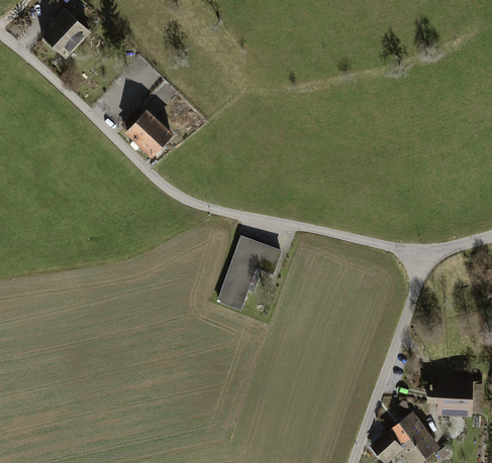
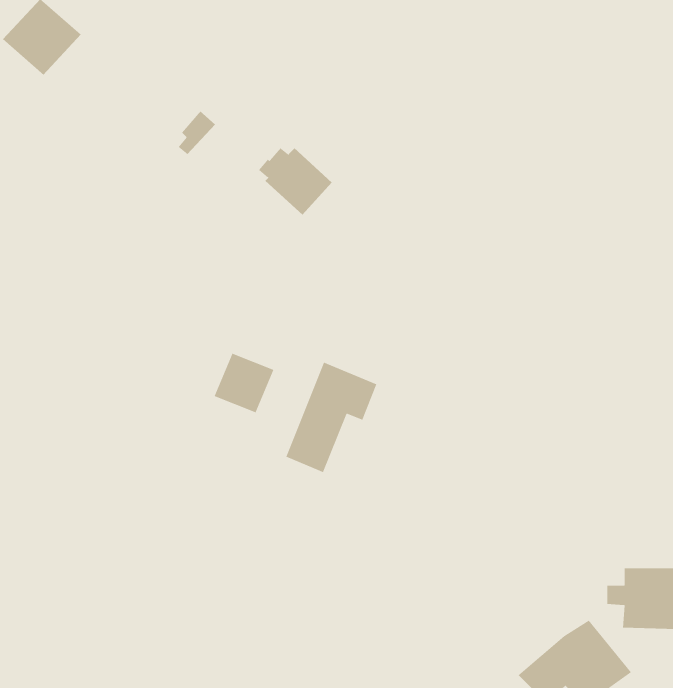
building: [122,109,170,152] -> [258,148,332,216]
building: none -> [214,353,274,413]

